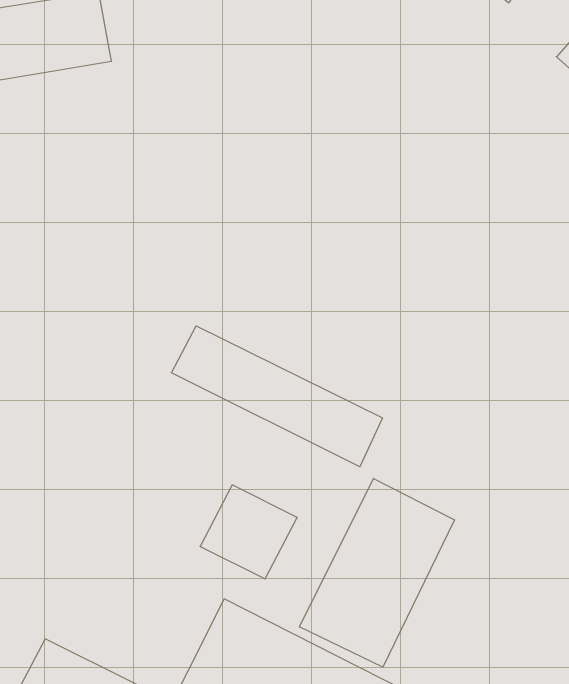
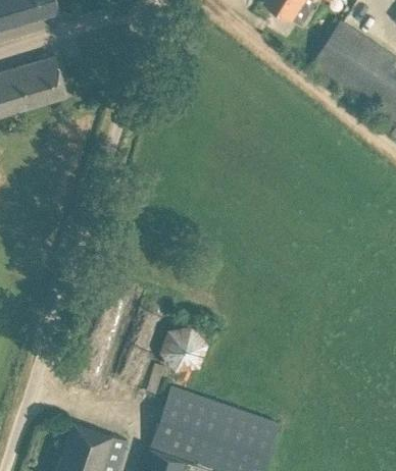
building: [171,326,383,467] -> none
building: [299,478,454,667] -> none

